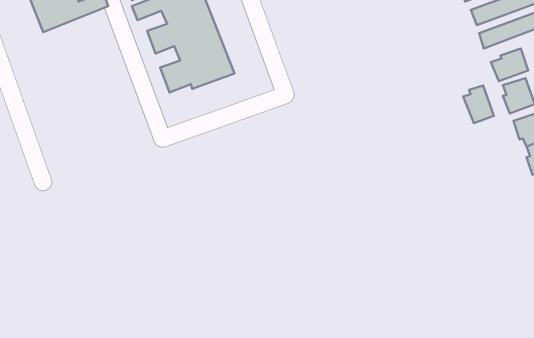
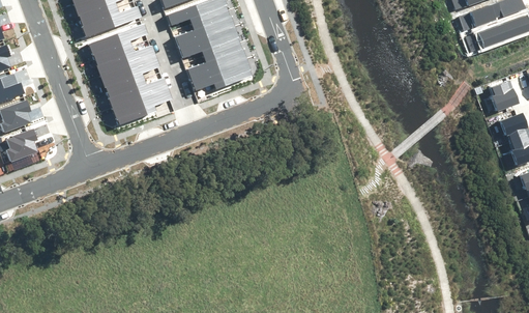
building: none -> [87,20,171,123]
building: [491,49,528,81] -> none
building: [463,85,494,123] -> none

